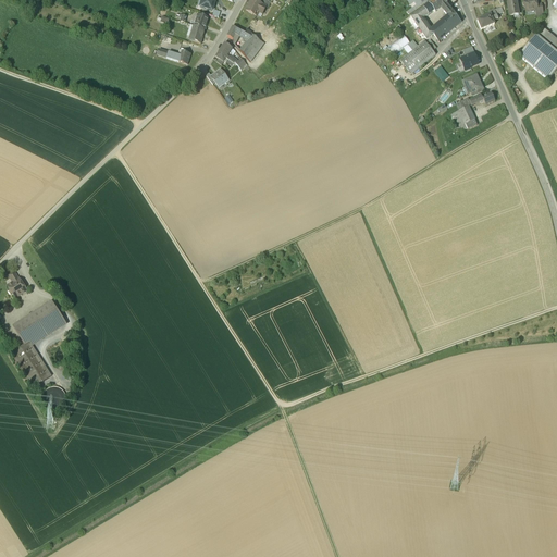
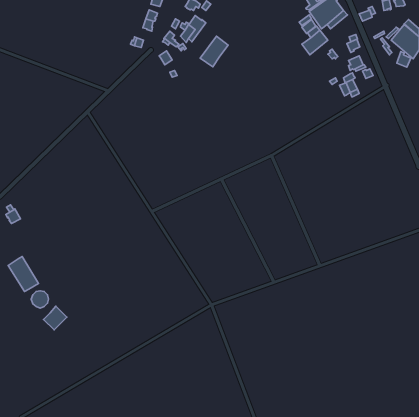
building: none -> [200,36,228,67]
building: [13,301,63,344] -> none
building: none -> [44,306,67,330]

